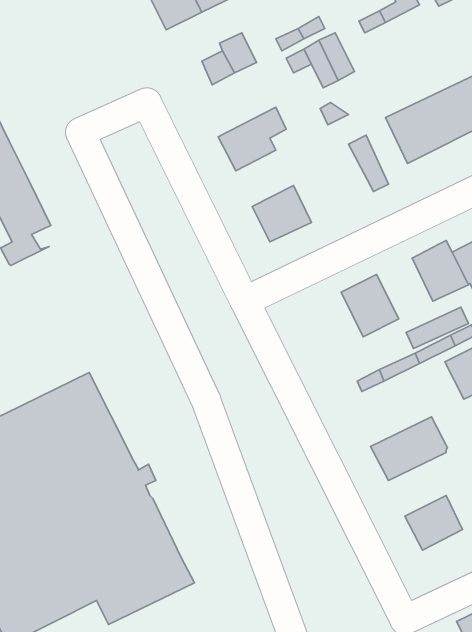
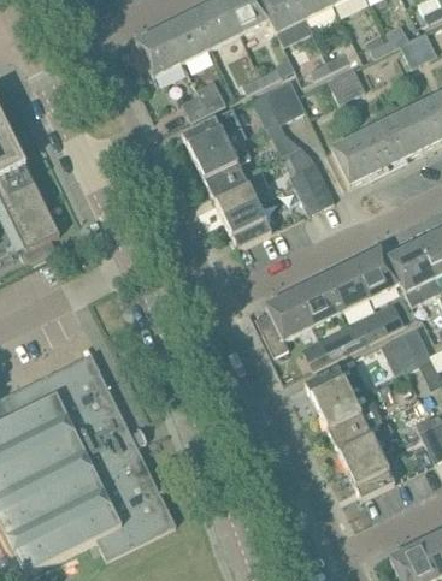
building: none -> [328,65,366,101]
building: none -> [181,106,247,161]
building: none -> [210,164,270,218]
building: none -> [279,167,322,220]
building: none -> [324,260,370,309]
building: none -> [261,287,313,355]
building: none -> [305,357,369,413]
building: none -> [334,417,394,469]

